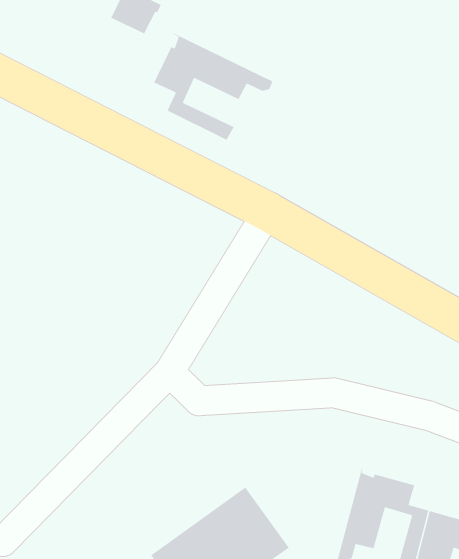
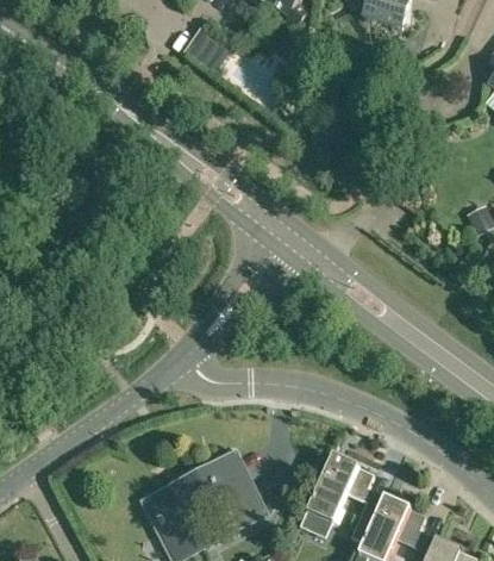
building: [153,32,273,141] -> none

